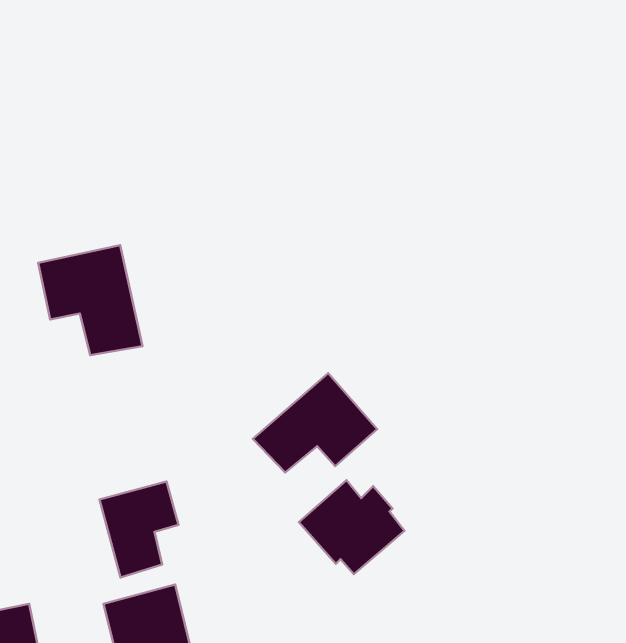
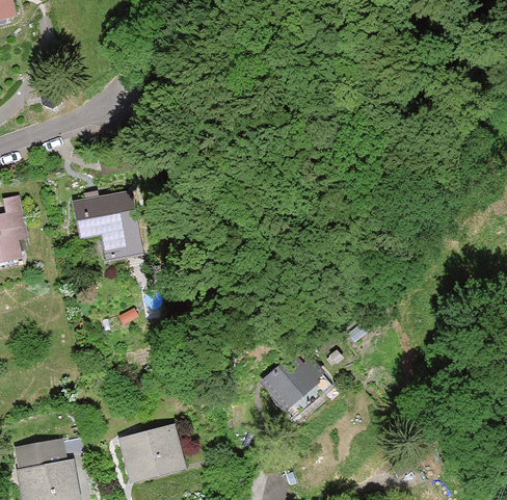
building: [253,373,377,473] -> none
building: [99,481,178,578] -> none

